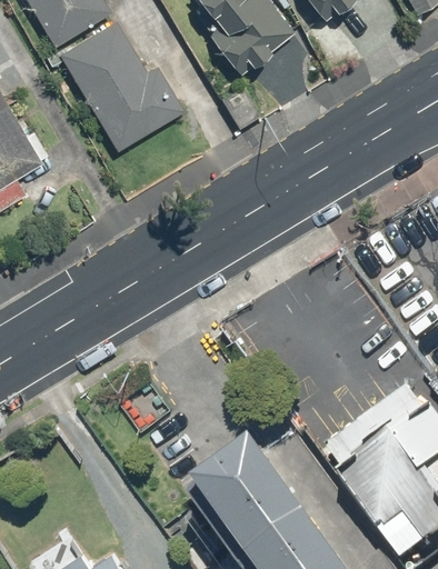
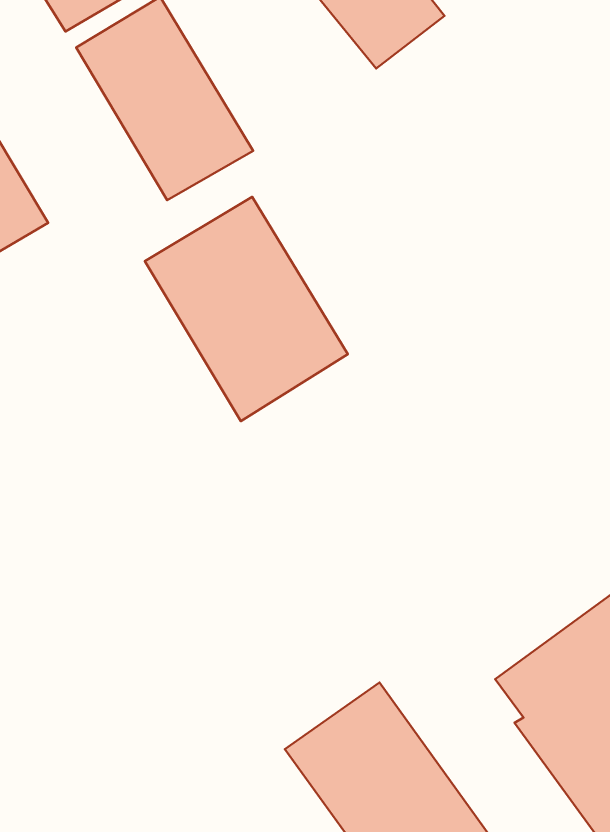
building: none -> [145,197,348,421]

